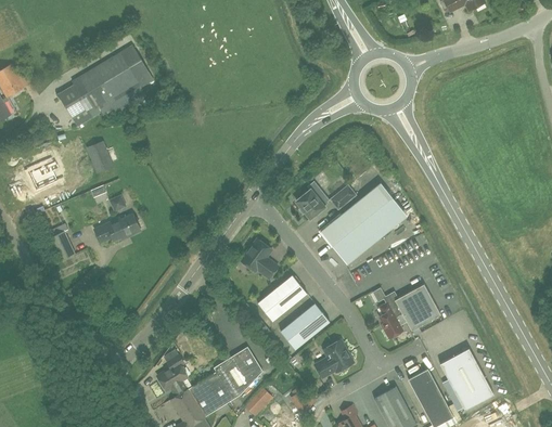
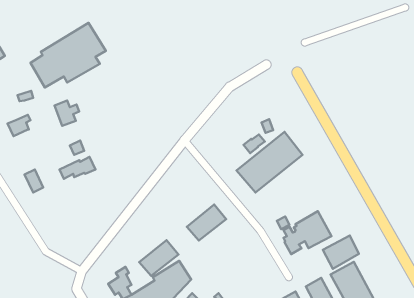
building: [296,189,328,218] -> none
building: [241,238,278,277] -> none
building: [280,302,330,348] -> [139,240,178,276]
building: none -> [323,236,359,269]
building: [314,338,354,376] -> none

